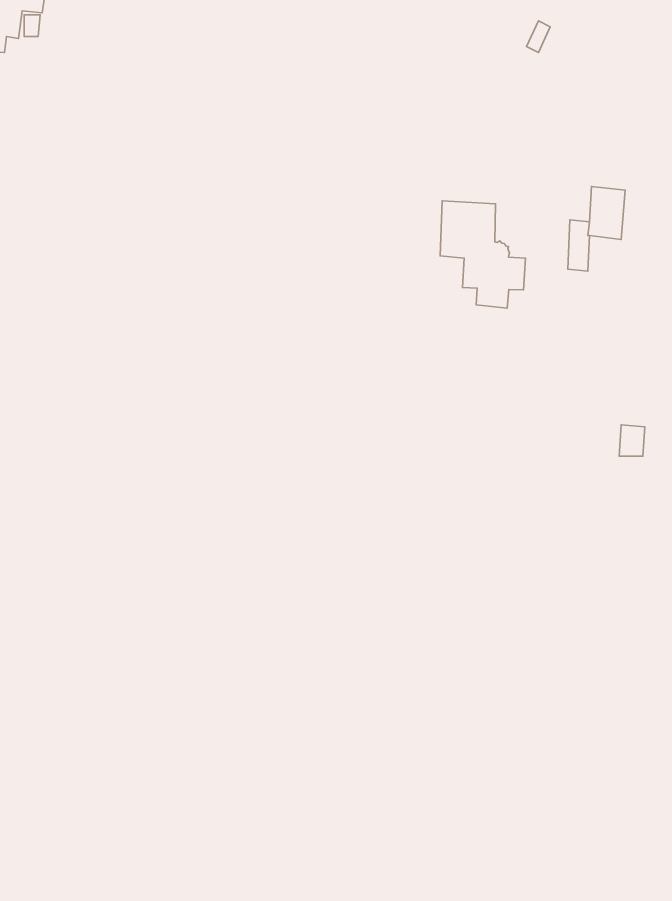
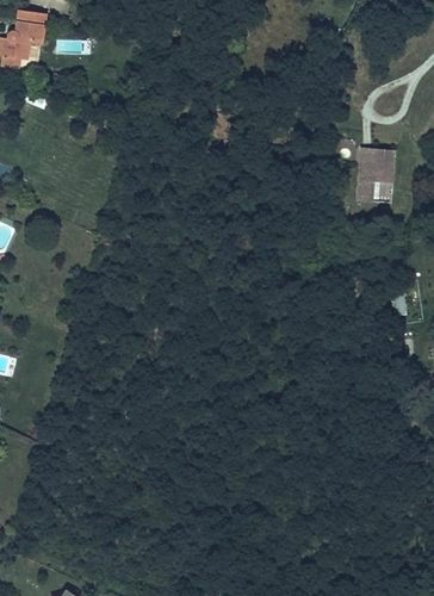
building: [440,201,526,308] -> none

